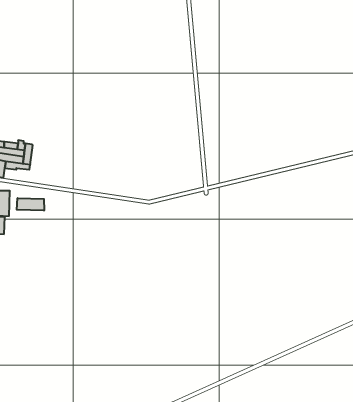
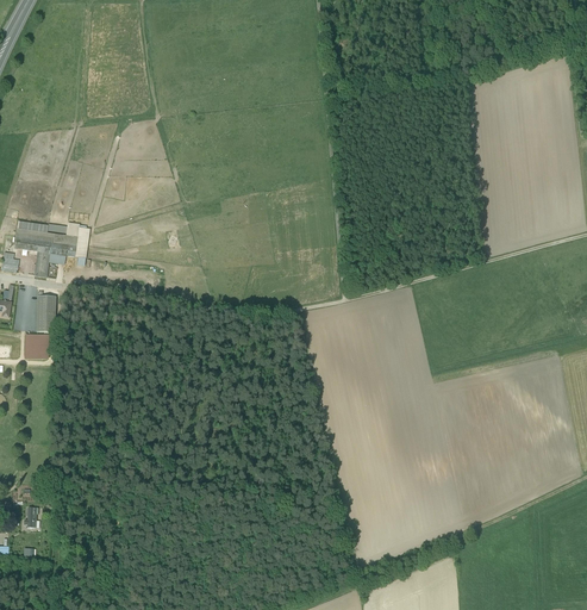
building: [17,198,44,211] -> none

